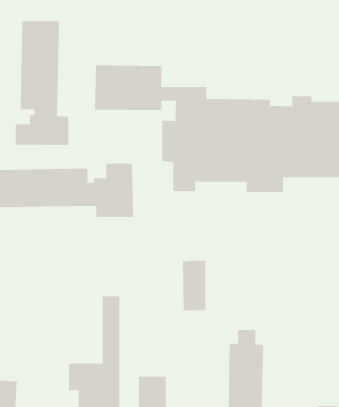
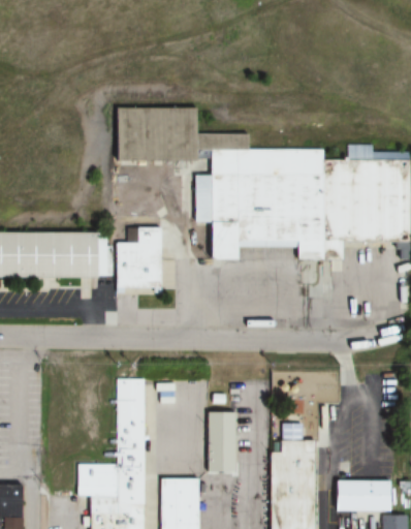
building: [15,20,69,146] -> none
building: [182,260,206,311] -> [210,413,239,474]
building: none -> [334,480,389,512]

